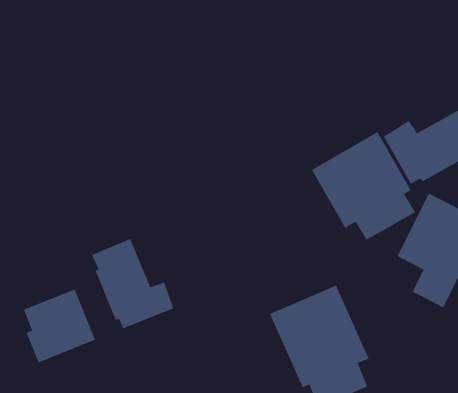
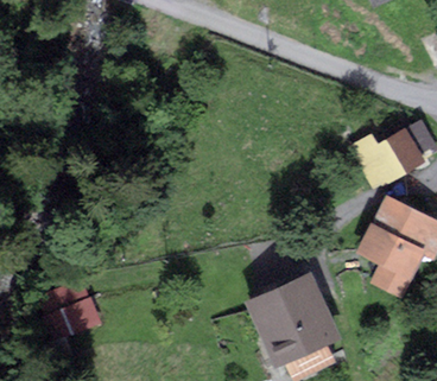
building: [311,131,416,241] -> none
building: [91,238,174,329] -> none

